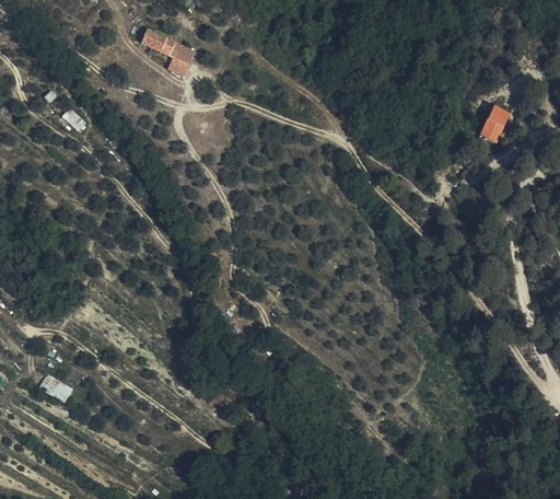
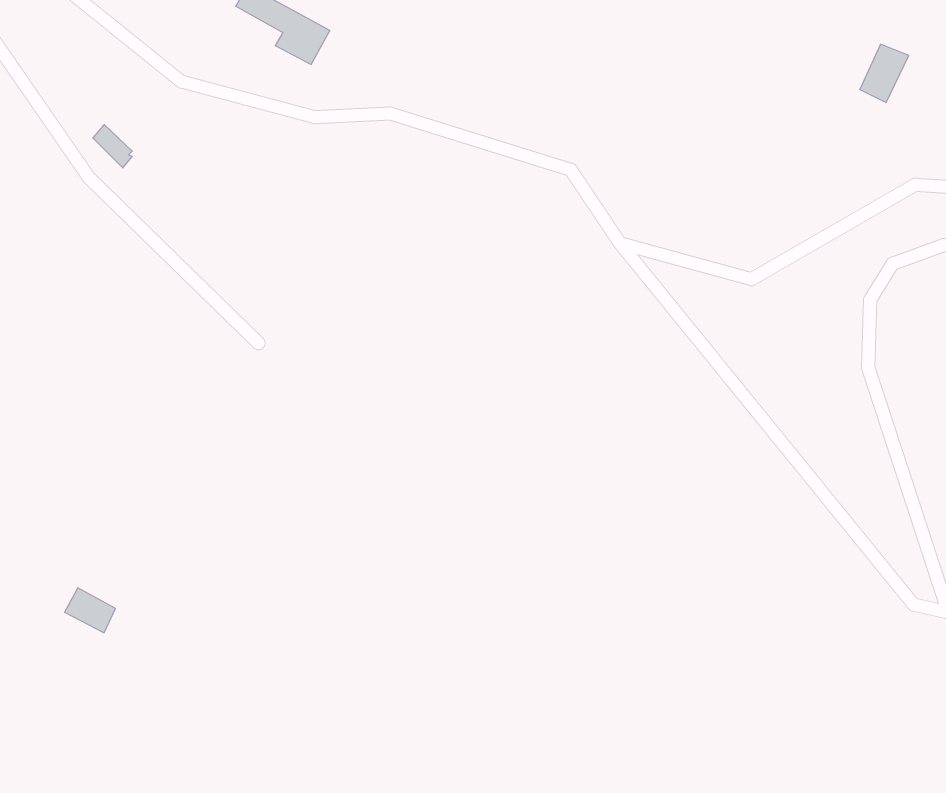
building: [485,106,513,140] -> [860,44,909,103]

